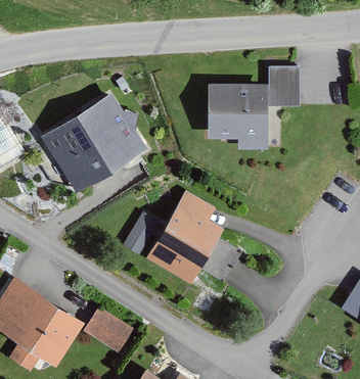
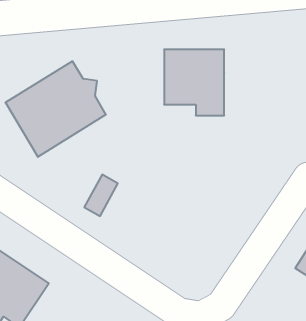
building: [268,66,299,106] -> none
building: [145,191,225,285] -> none
building: [83,307,132,352] -> none

